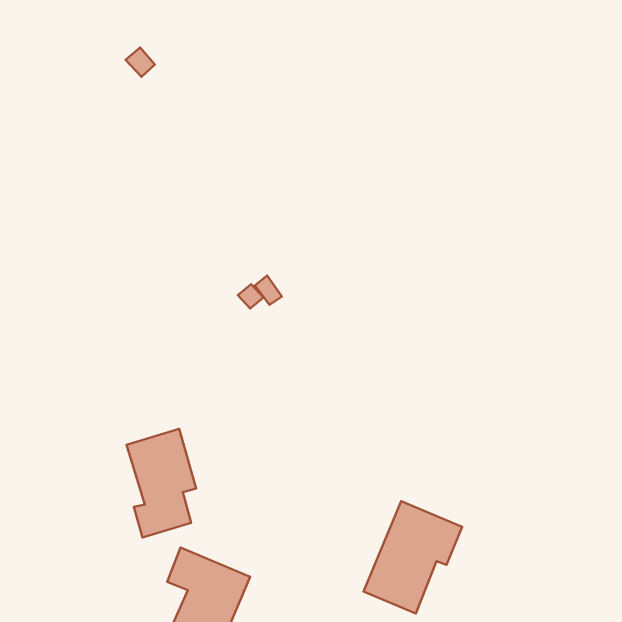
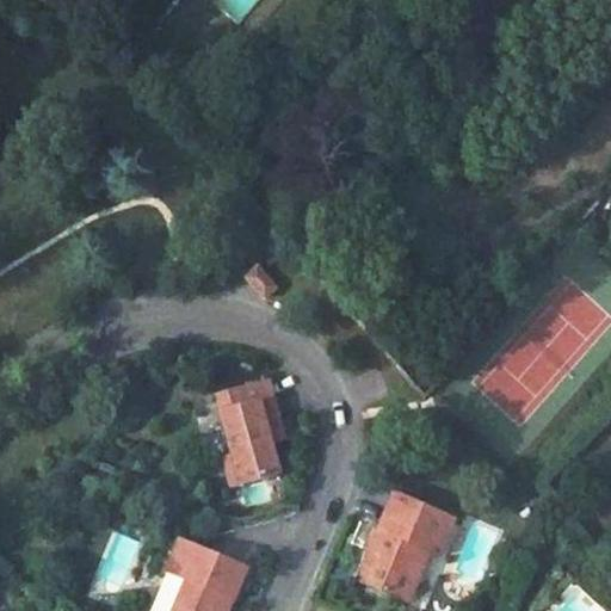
building: [127,429,196,537] -> [216,378,284,485]

